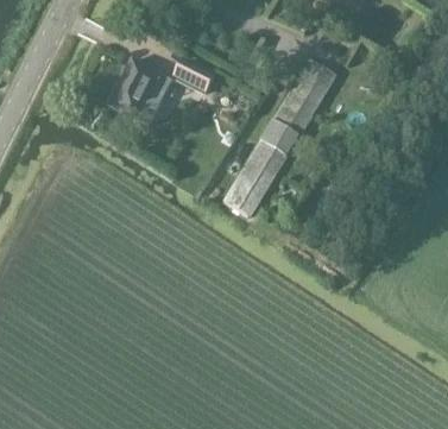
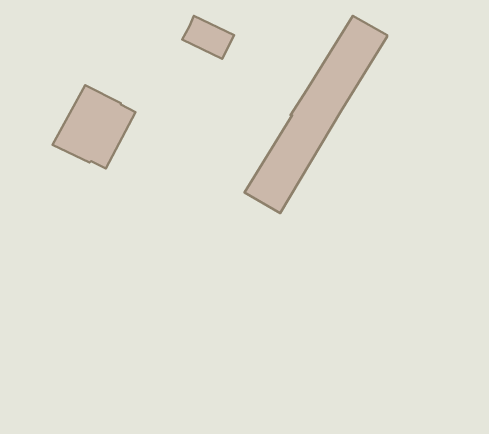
building: [107,55,173,121] -> [52,85,136,169]

